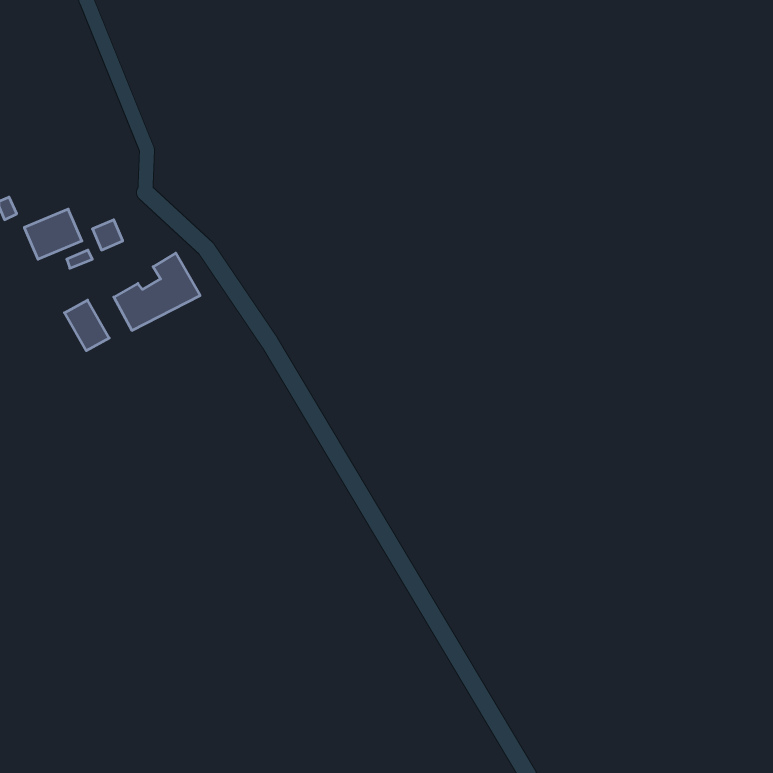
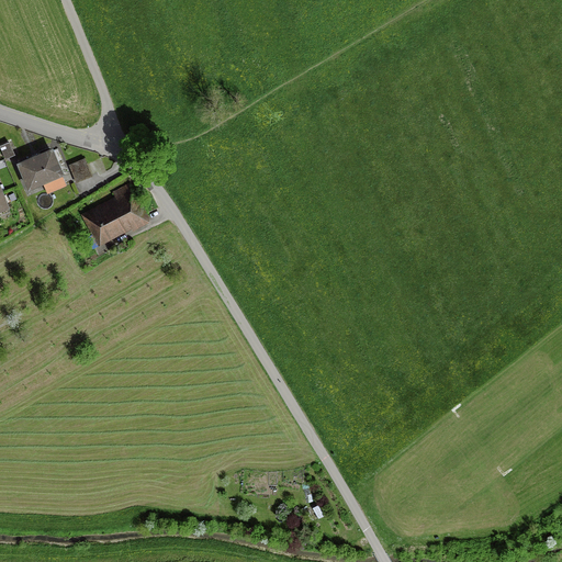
building: [64,300,109,351] -> none

